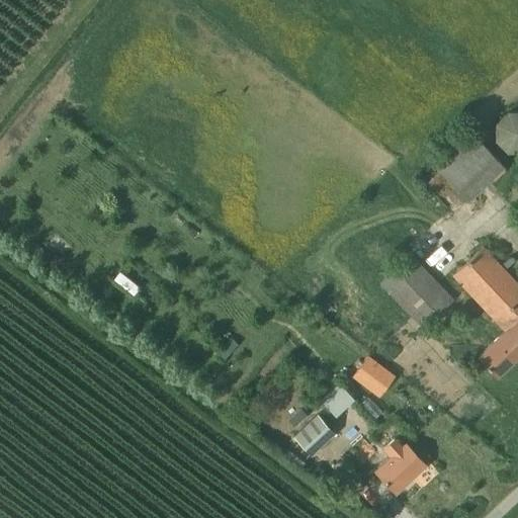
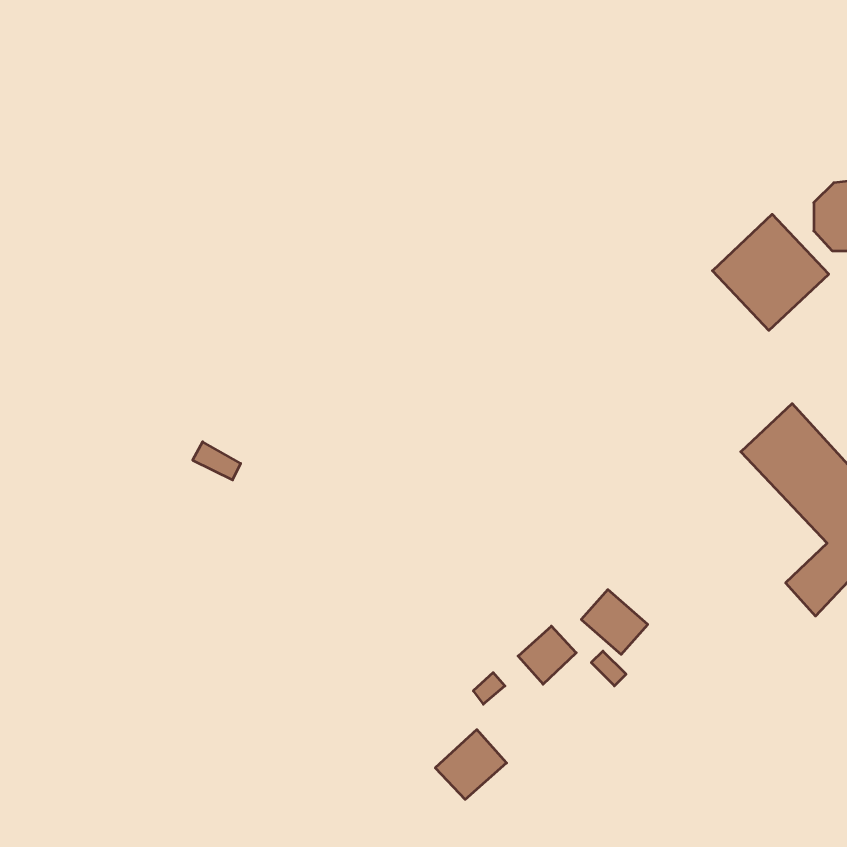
building: [379,254,455,331] -> none
building: [293,414,337,456] -> [435,730,507,799]
building: [376,439,426,494] -> none

